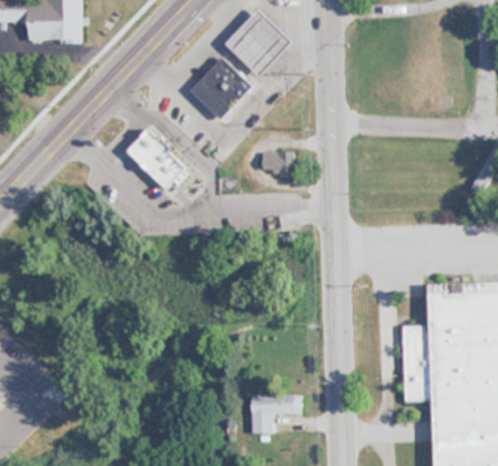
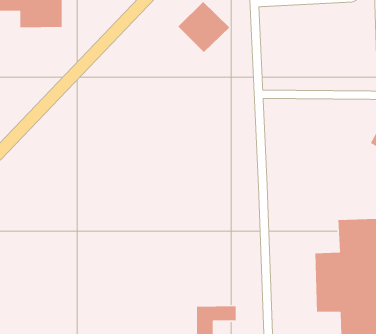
building: [191,58,254,120] -> none
building: [126,128,189,191] -> none
building: [262,152,293,176] -> none

